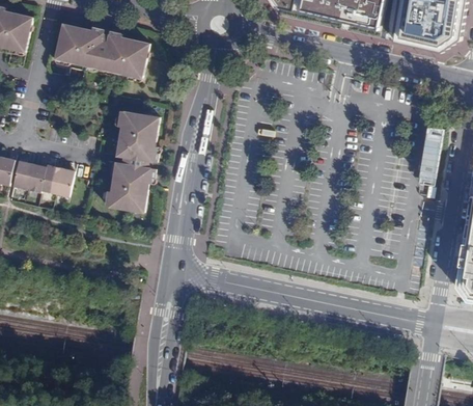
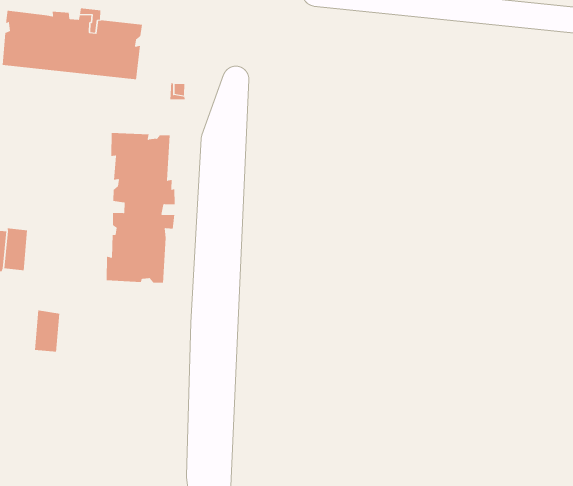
building: [53,167,73,196] -> [34,310,60,352]

